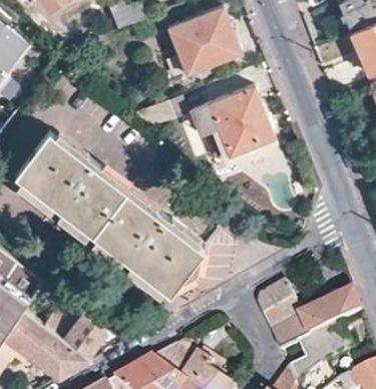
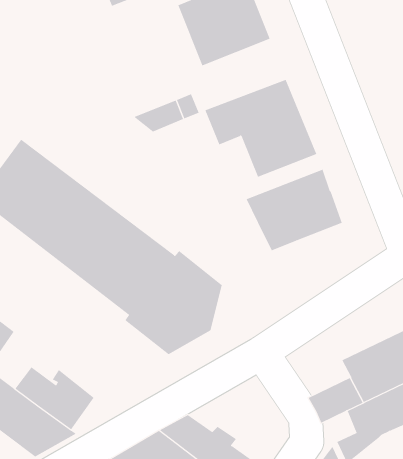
building: none -> [246,169,342,251]
building: [256,282,301,332] -> none

